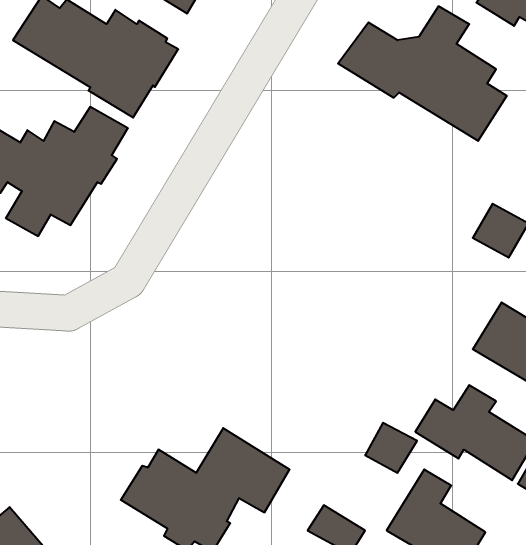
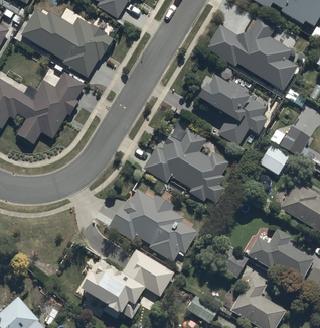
building: none -> [196,73,267,146]
building: none -> [141,127,227,202]
building: none -> [258,143,289,174]
building: none -> [108,188,198,261]

